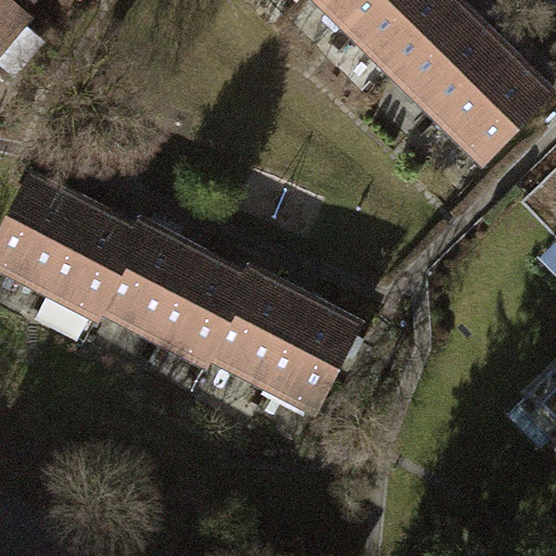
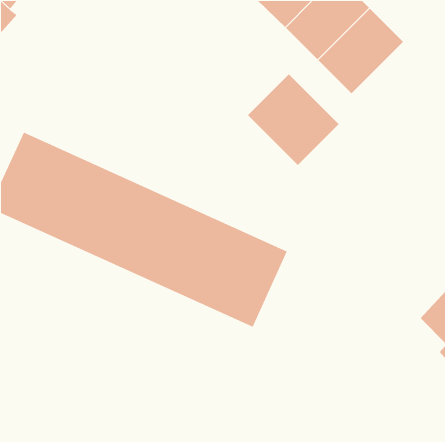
building: [439,56,546,164] -> none
building: none -> [247,74,339,166]

